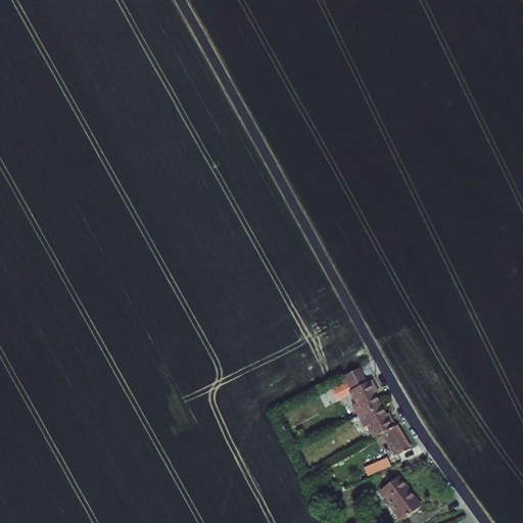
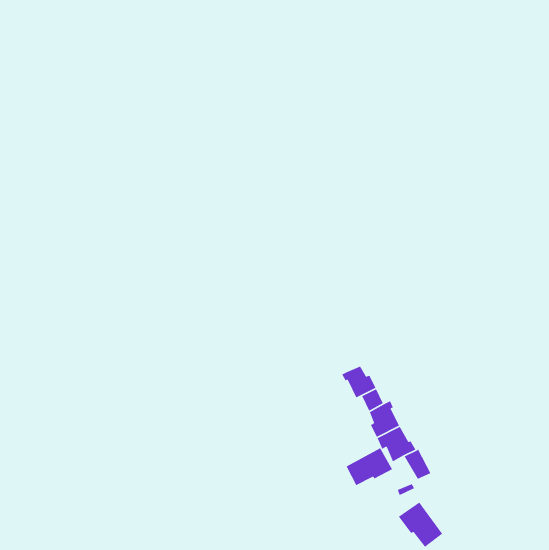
building: none -> [341,366,376,398]
building: none -> [345,447,393,486]

